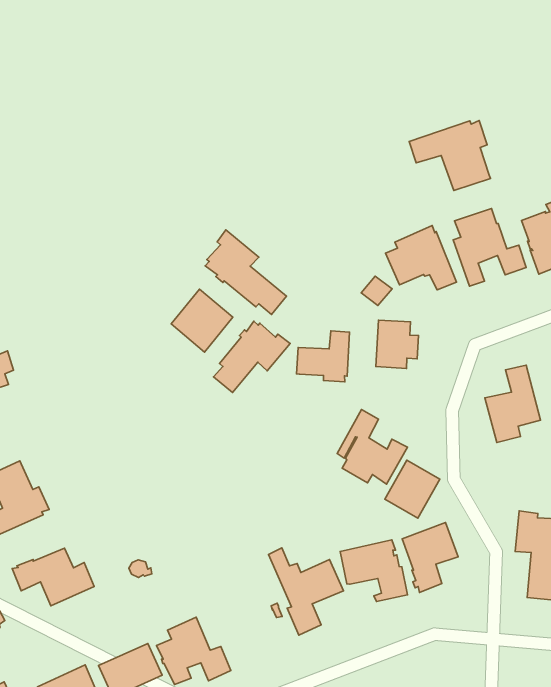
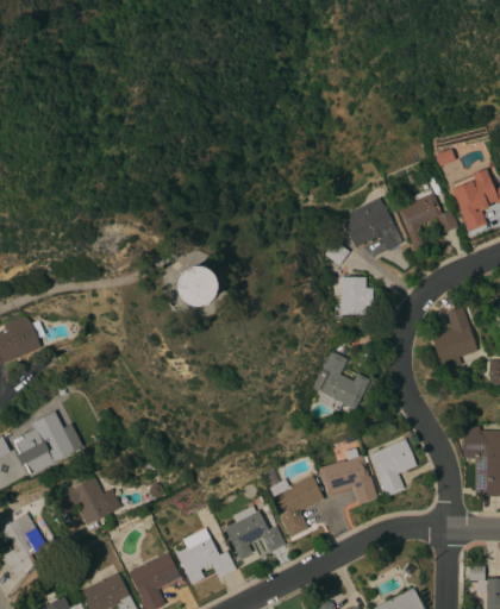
building: [409,120,490,191] -> none
building: [205,230,286,315] -> none
building: [214,321,290,392] -> none
building: [297,331,349,382] -> none
building: [385,460,440,518] -> none
building: none -> [224,506,286,559]

